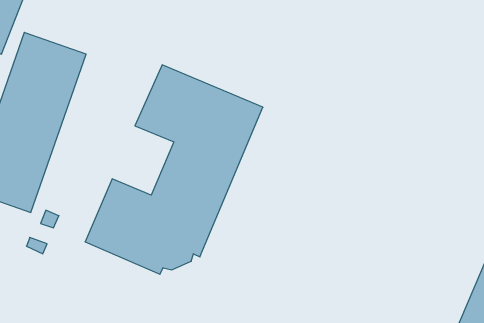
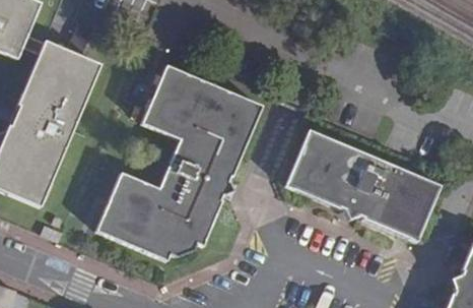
building: none -> [285,129,442,242]

